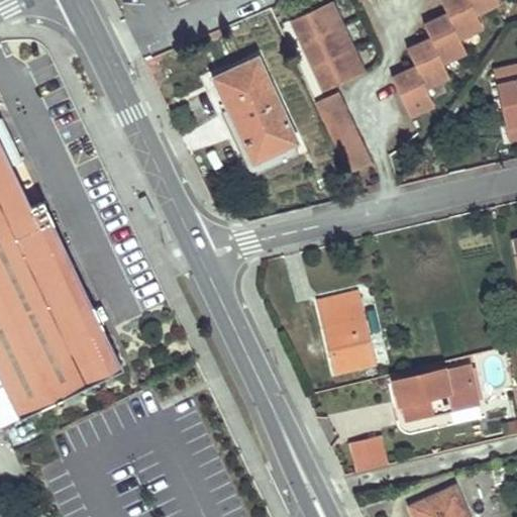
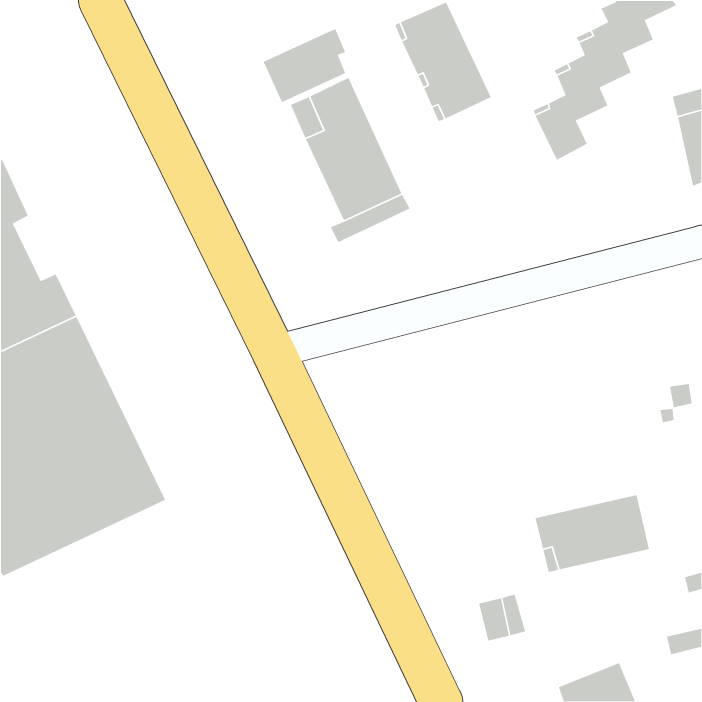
building: none -> [263,28,346,103]
building: [314,91,372,173] -> none
building: [318,291,373,371] -> none

